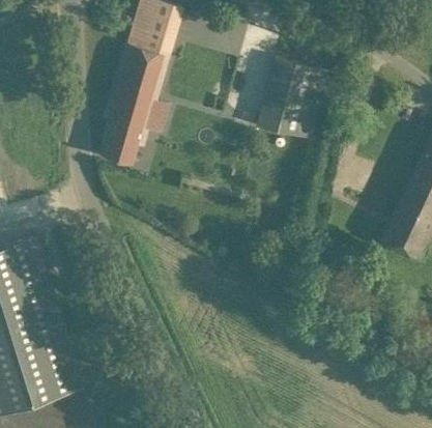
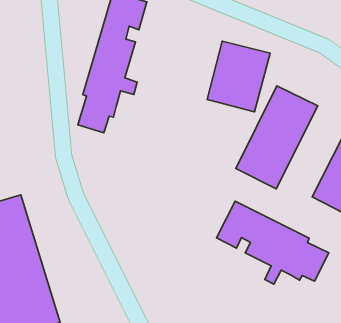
building: none -> [236,86,318,189]
building: none -> [216,201,329,284]

